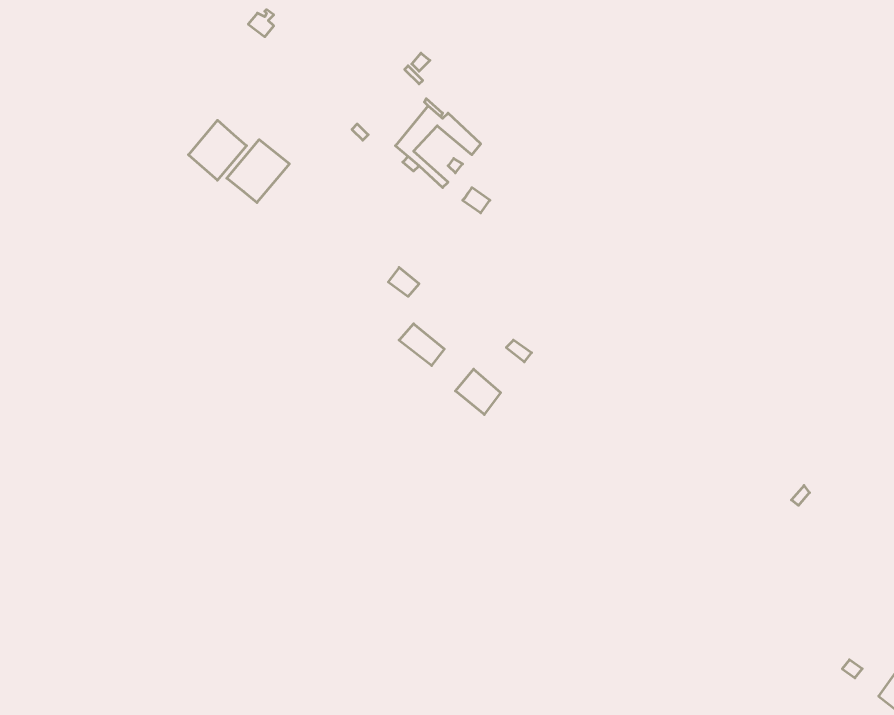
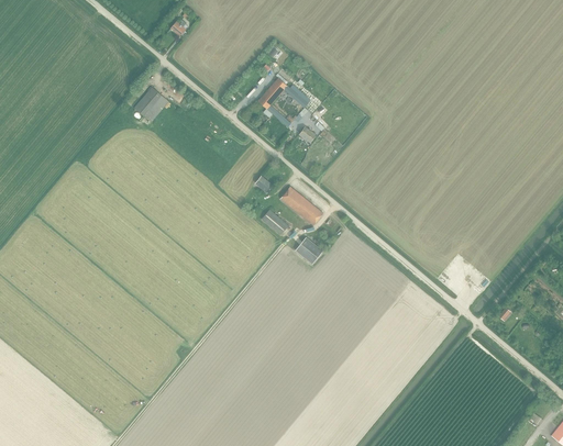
building: [227,140,289,203] -> none
building: none -> [279,186,322,224]

